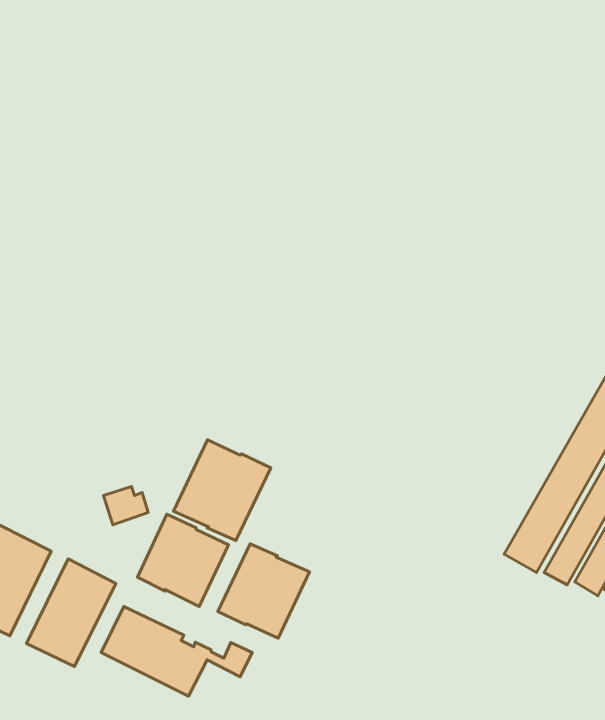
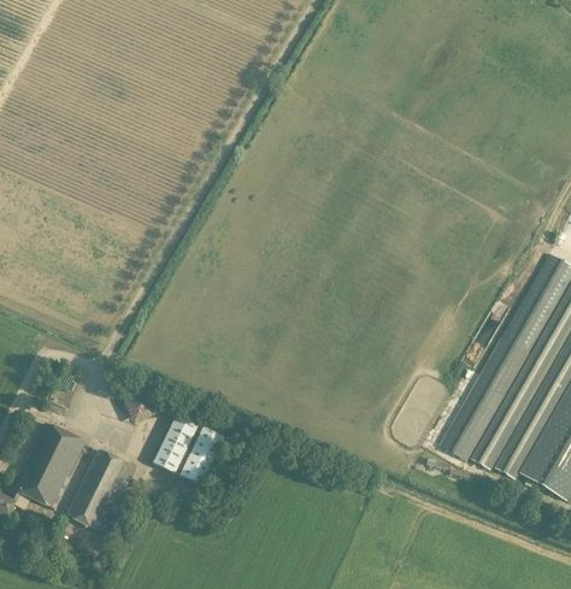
building: [174,440,271,541] -> none
building: [218,544,309,638] -> none
building: [101,606,252,696] -> none

